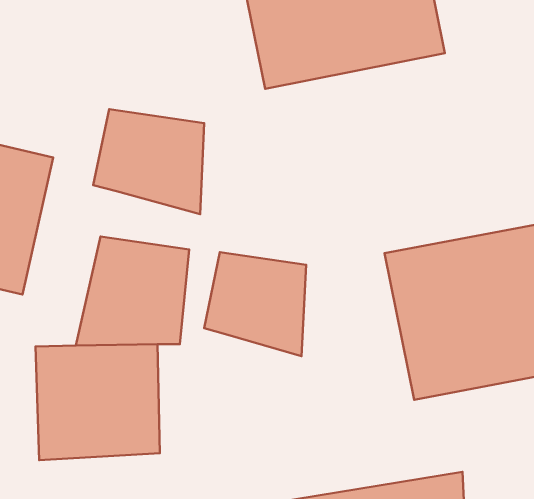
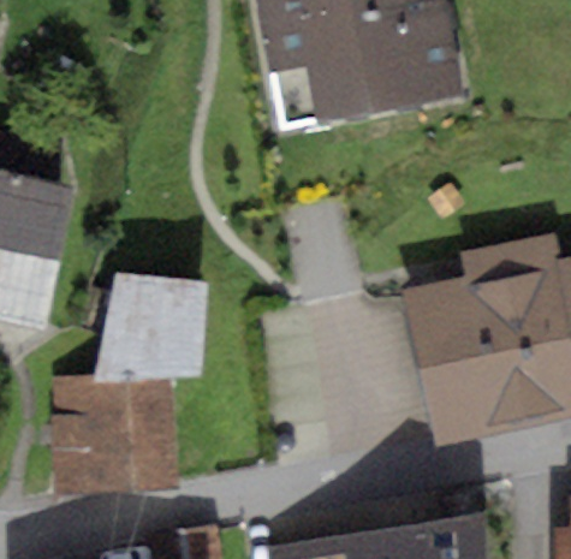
building: [93,109,204,214] -> none
building: [204,252,306,356] -> none

